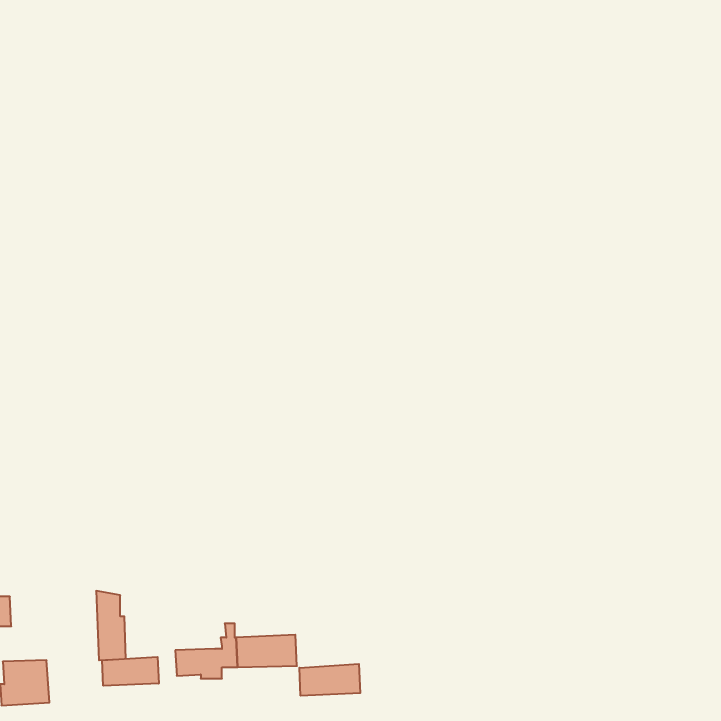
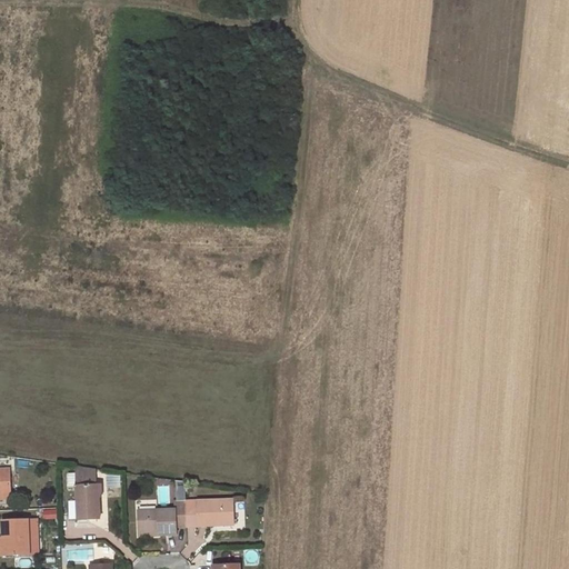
building: [102,657,159,686] -> none
building: [299,664,360,696] -> none

